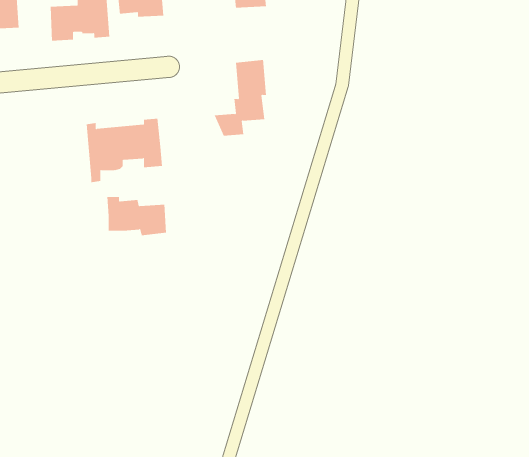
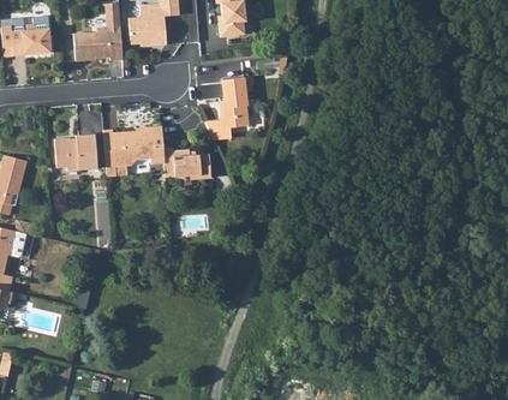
building: none -> [53,133,96,173]
building: [106,197,167,236] -> [163,148,211,179]

